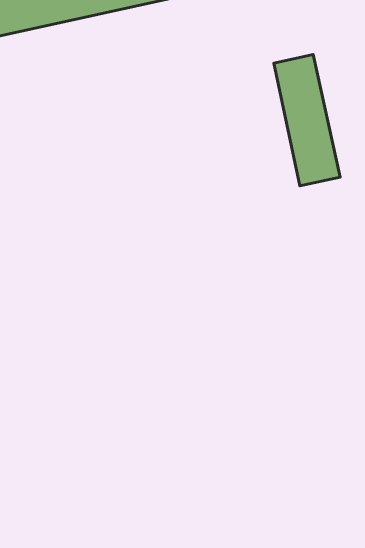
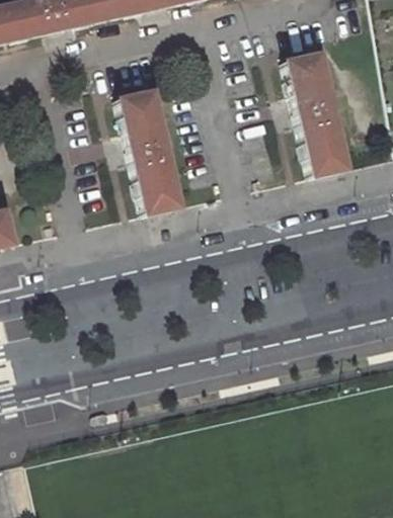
building: none -> [122,91,181,211]

